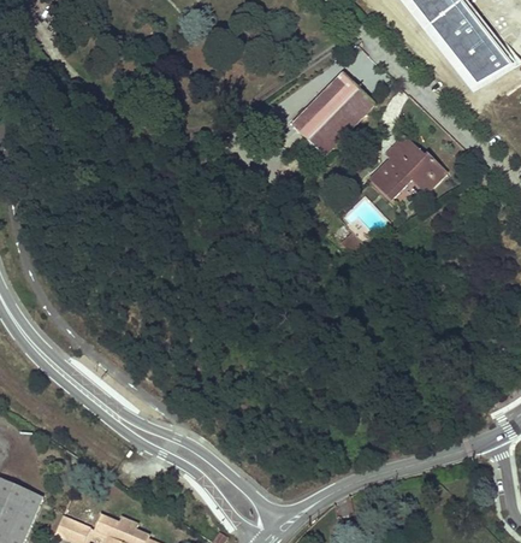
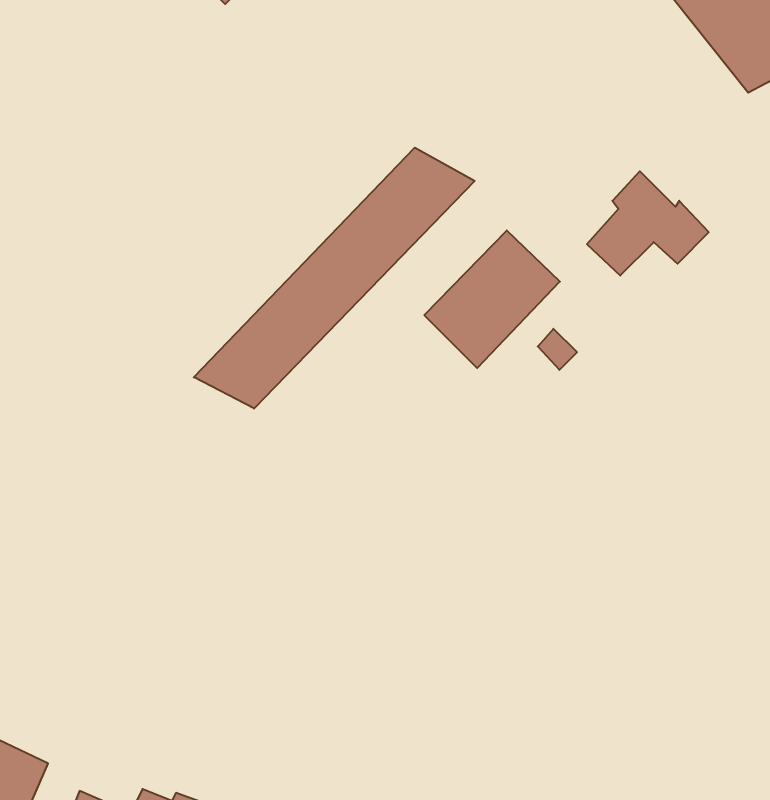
building: [292,70,375,154] -> [424,230,560,368]
building: none -> [194,148,475,409]

